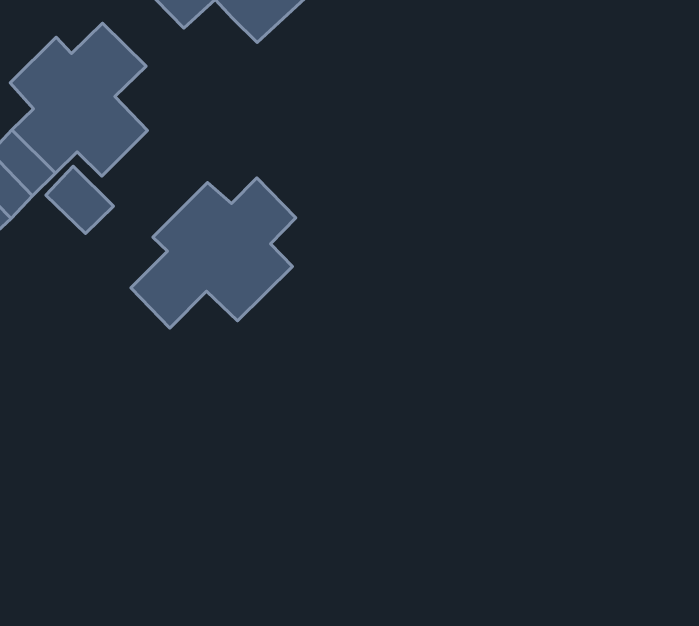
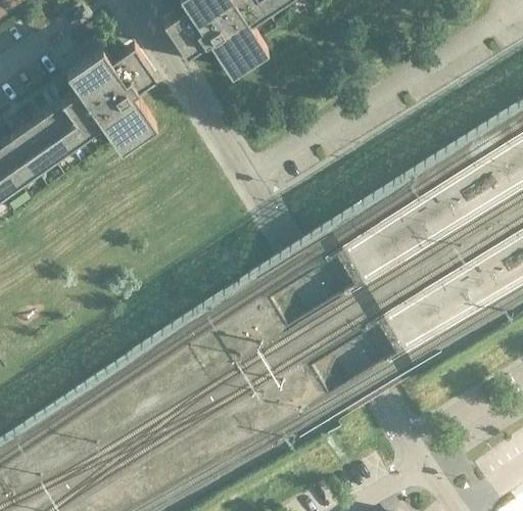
building: [46,166,114,233] -> none
building: [131,178,296,328] -> none

